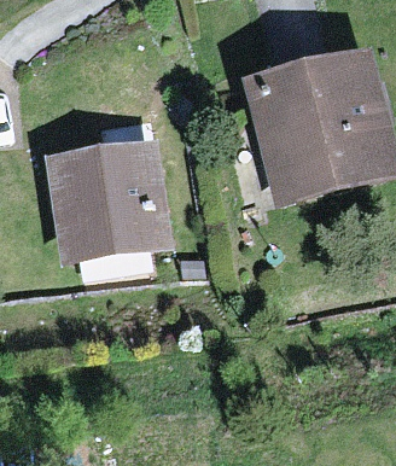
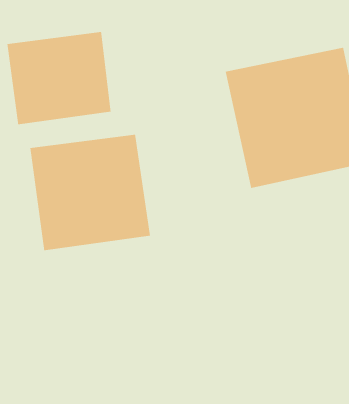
building: none -> [7,31,111,125]

